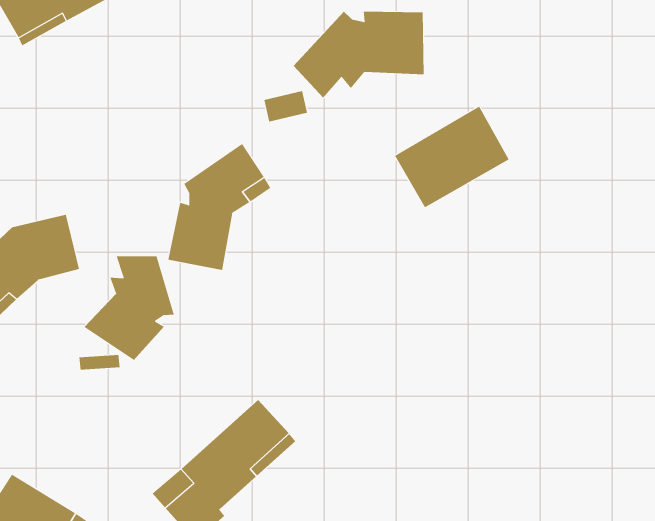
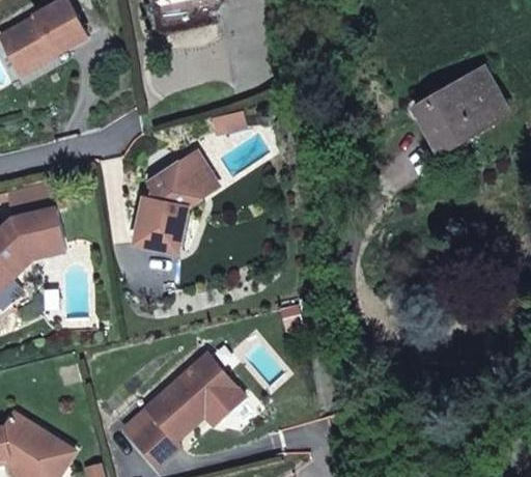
building: [293,11,424,99] -> none
building: [394,106,510,208] -> [416,69,507,150]
building: [84,256,174,361] -> none

